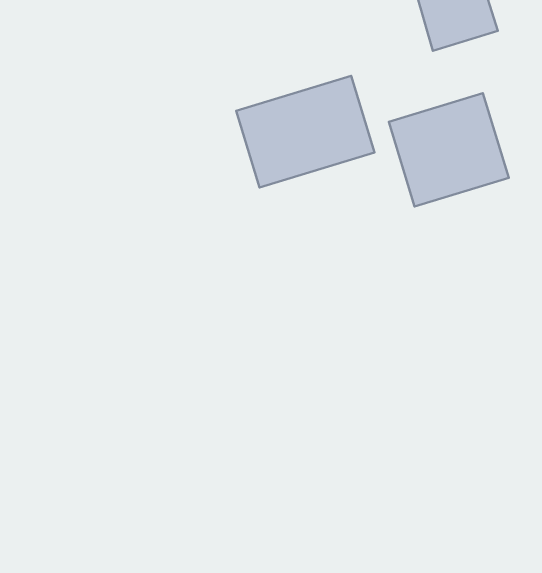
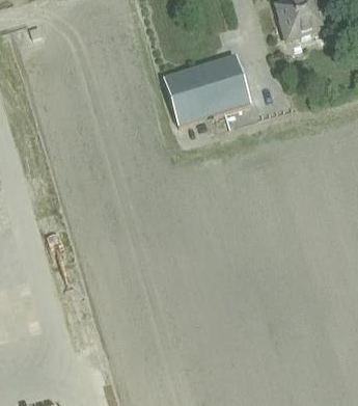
building: [389,93,509,206] -> none

